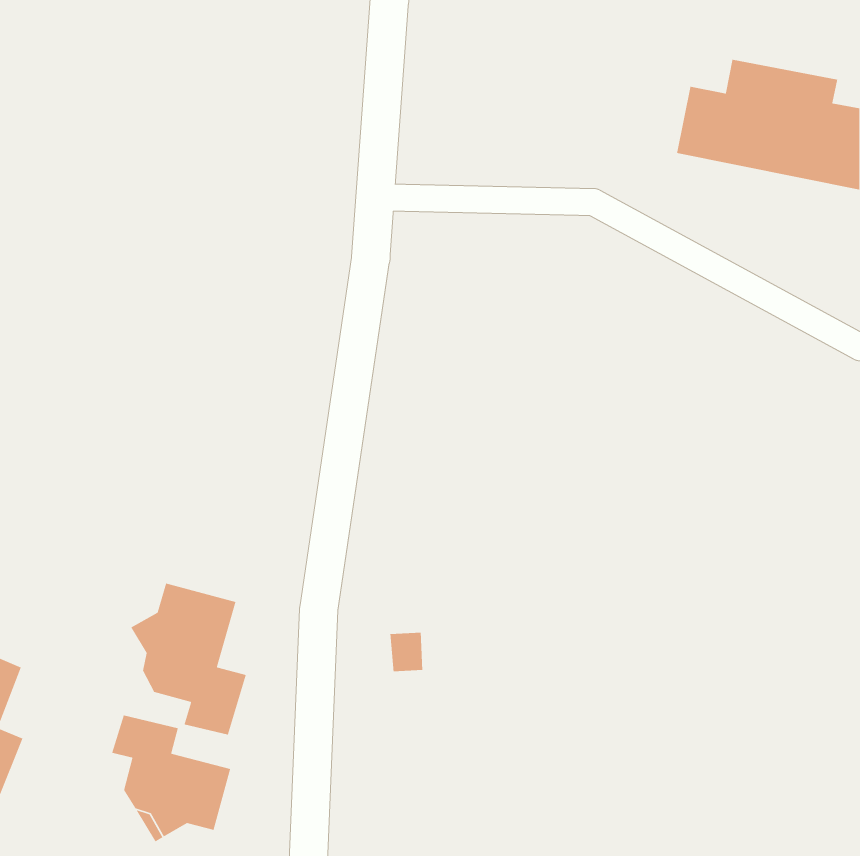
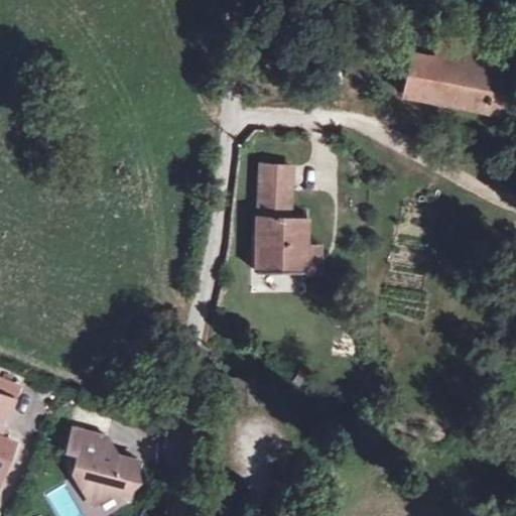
building: none -> [256,167,318,274]
building: [130,582,247,736] -> none

